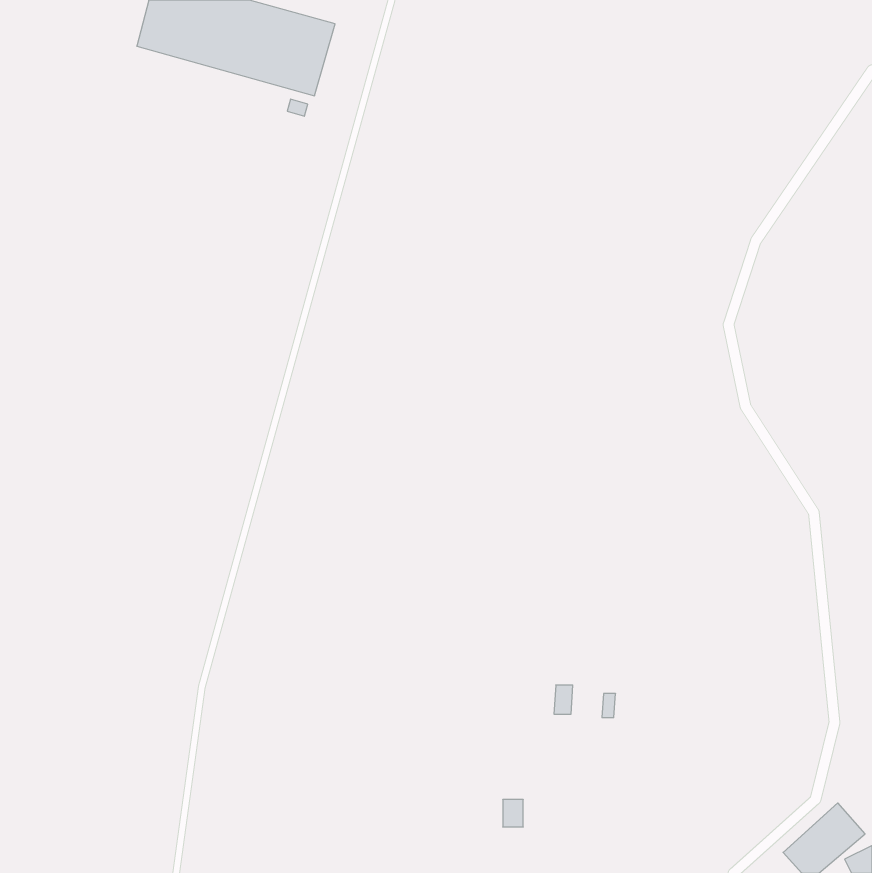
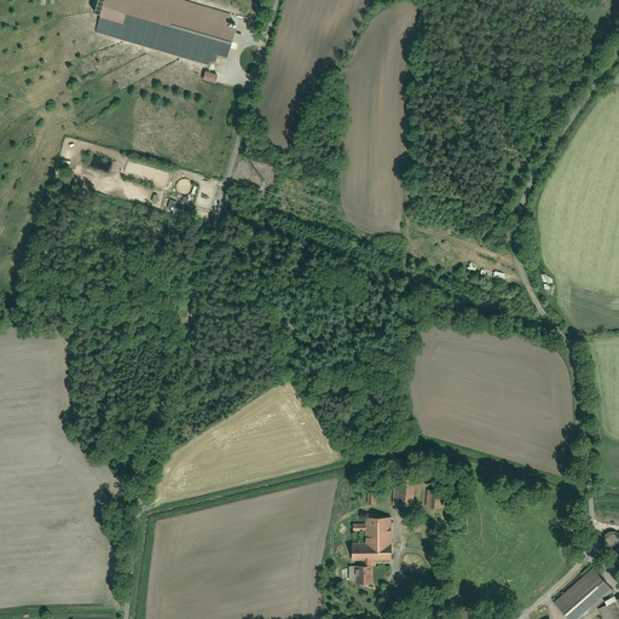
building: none -> [352,517,389,560]

